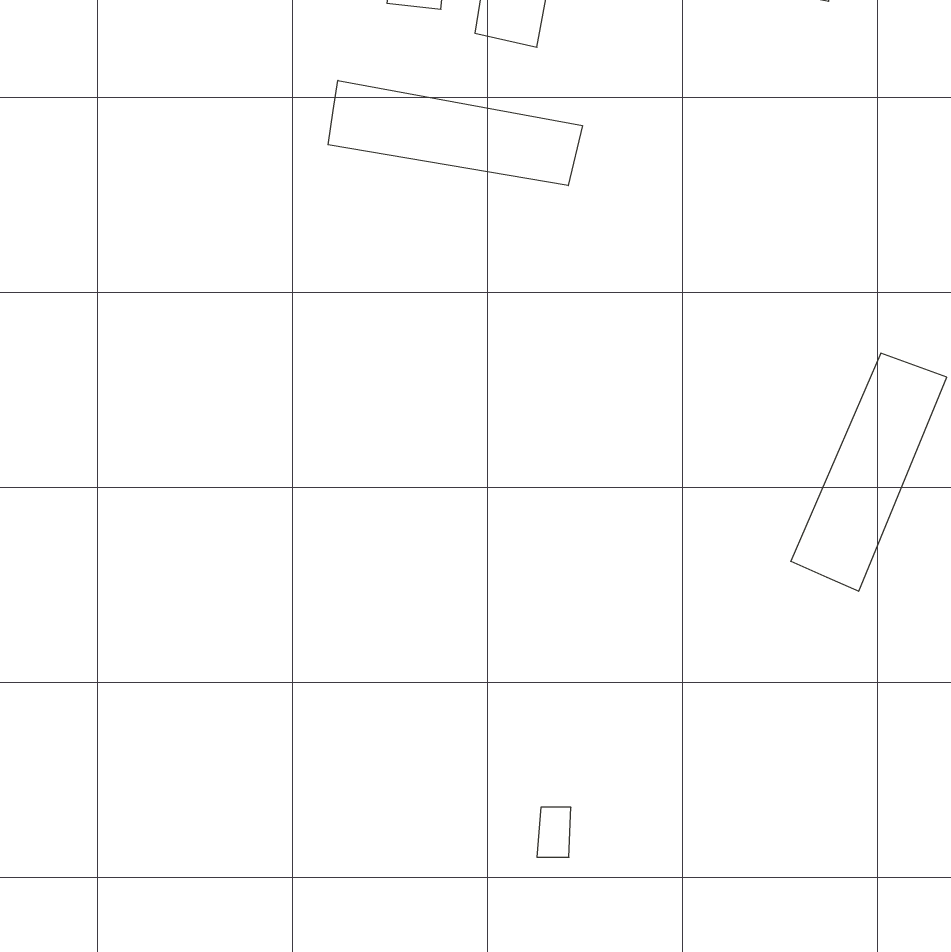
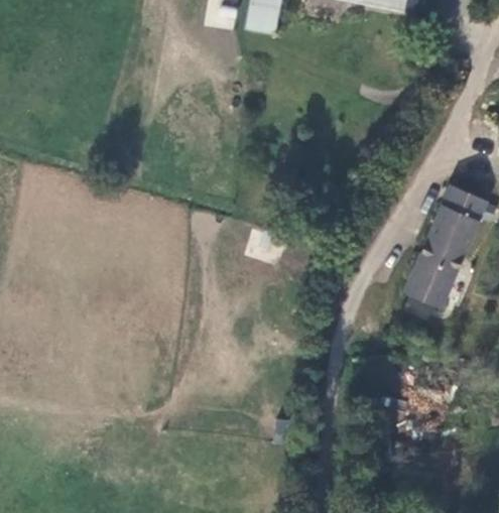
building: [328,80,582,186] -> none

